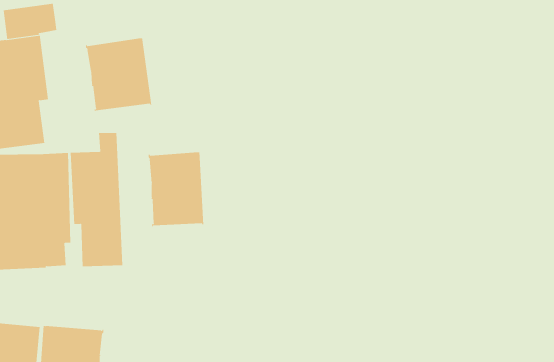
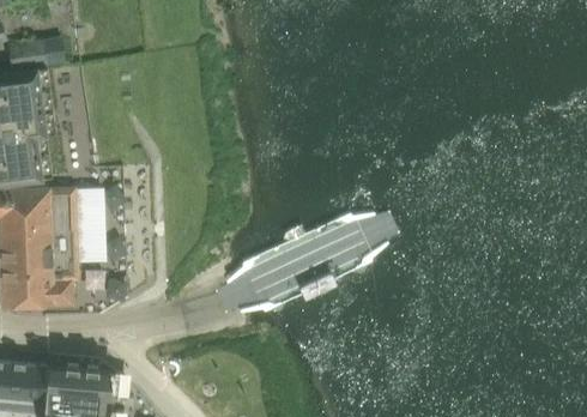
building: [85,37,152,112] -> none
building: [148,152,204,227] -> none

